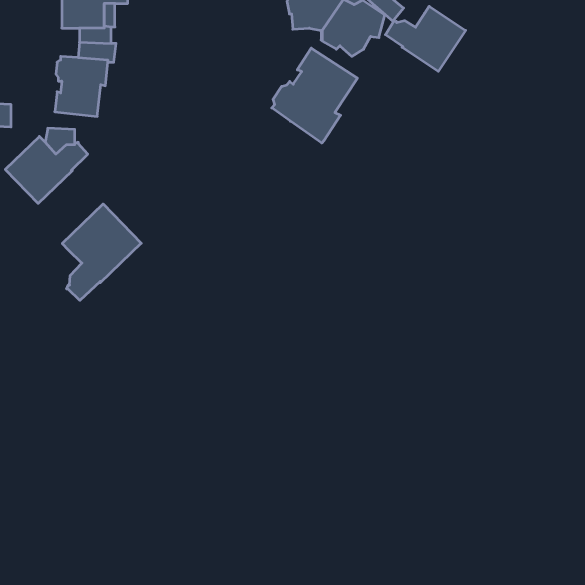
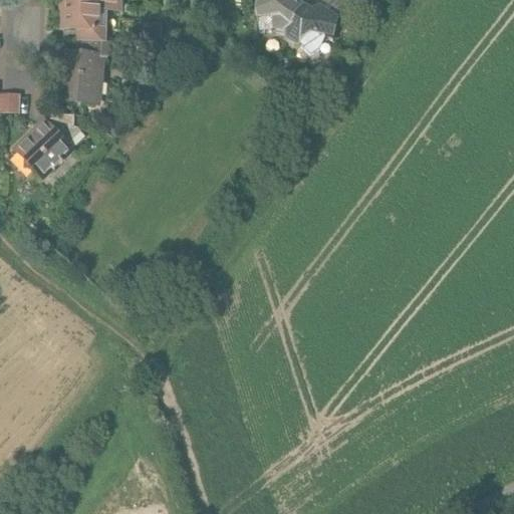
building: [385,6,466,71] -> none
building: [272,48,357,143] -> none
building: [62,204,141,300] -> none

